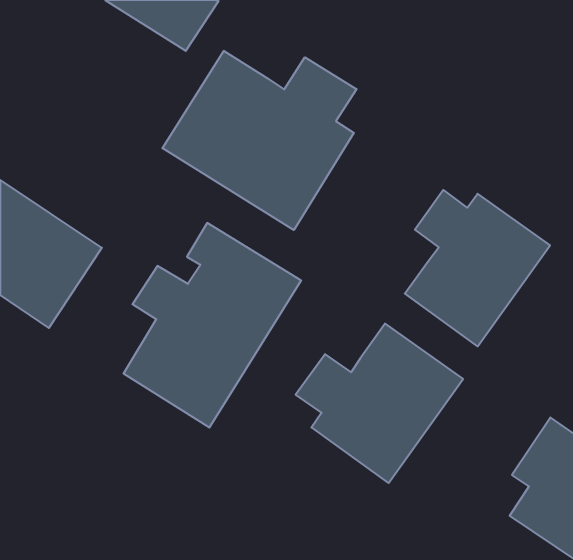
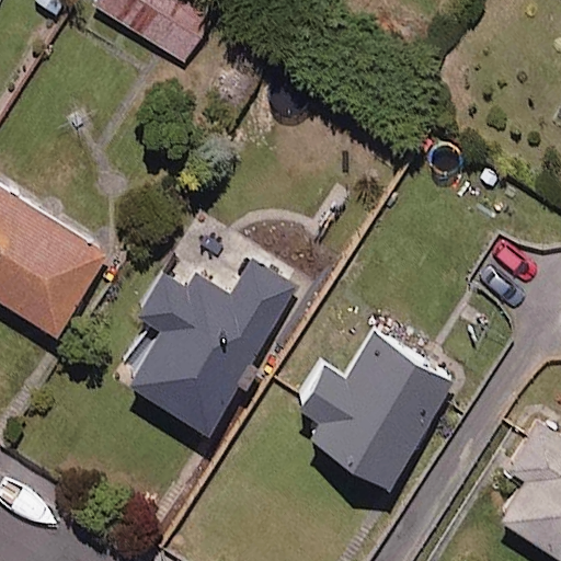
building: [162,51,357,230] -> none
building: [405,190,550,346] -> none

